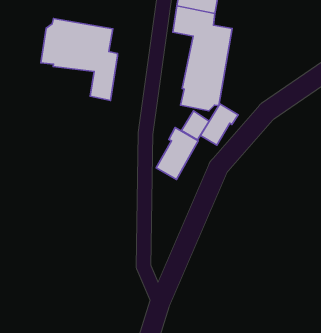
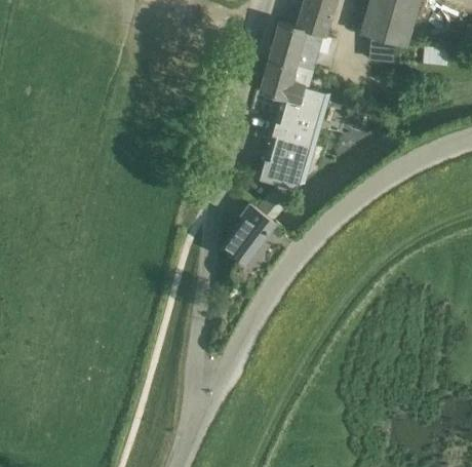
building: [41,18,117,100] -> none
building: [201,104,238,145] -> none

